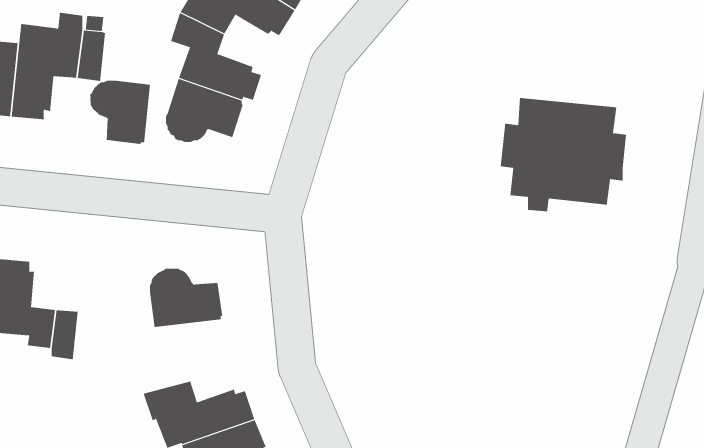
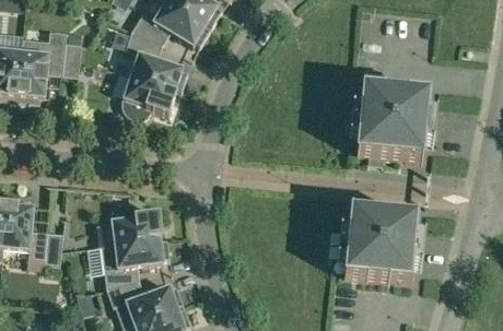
building: [90,80,150,145] -> none
building: none -> [336,202,422,282]
building: none -> [100,237,167,287]

